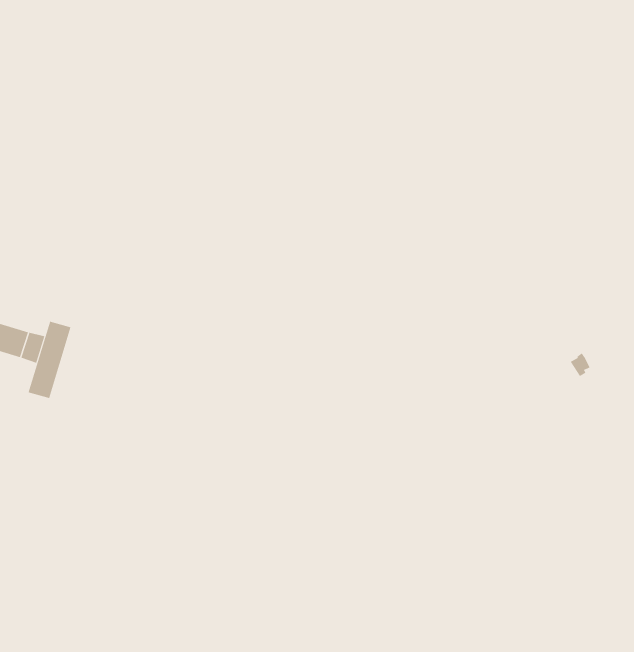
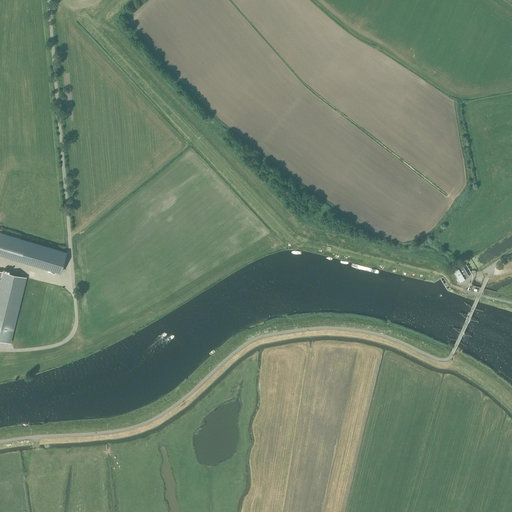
building: [28,321,71,399] -> none

